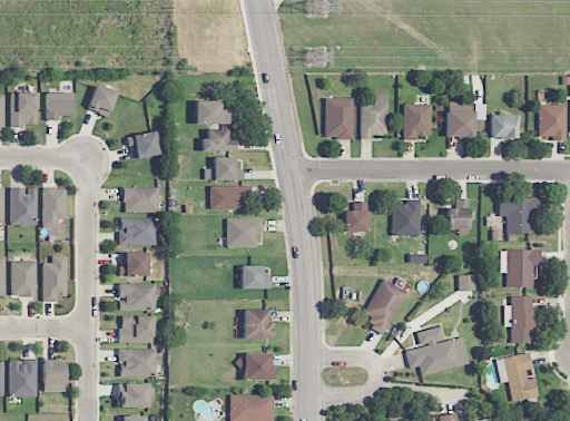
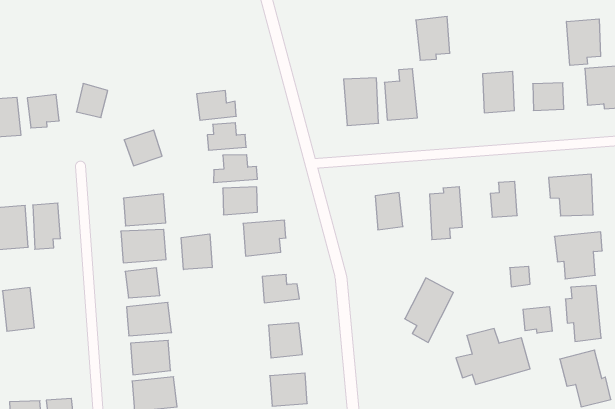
building: none -> [567,19,601,65]
building: [403,104,431,140] -> [416,17,450,60]
building: none -> [181,234,212,270]
building: [42,256,67,302] -> none
building: none -> [523,307,552,333]

